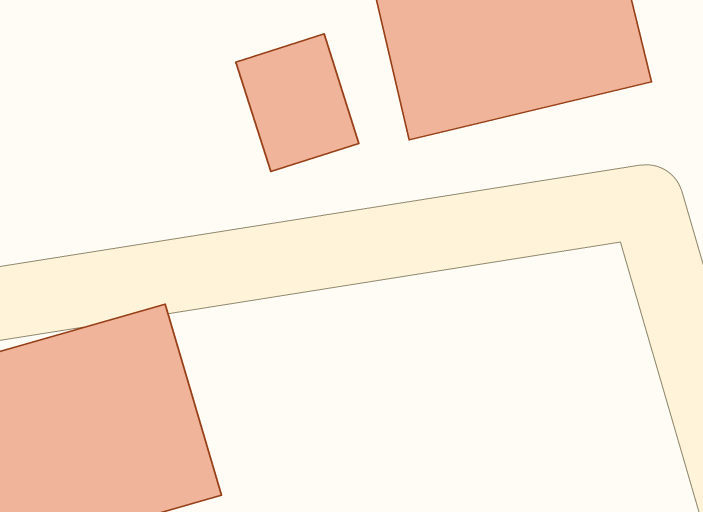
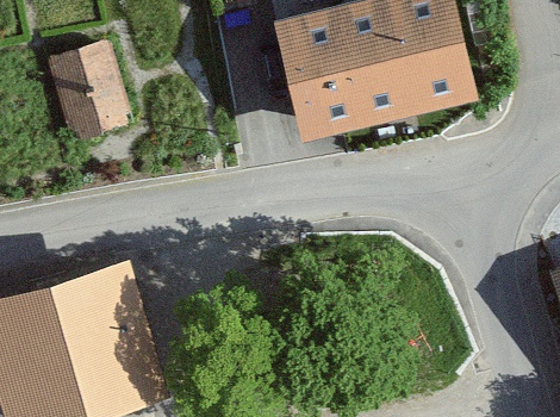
building: [236,34,359,172] -> [41,49,129,148]

